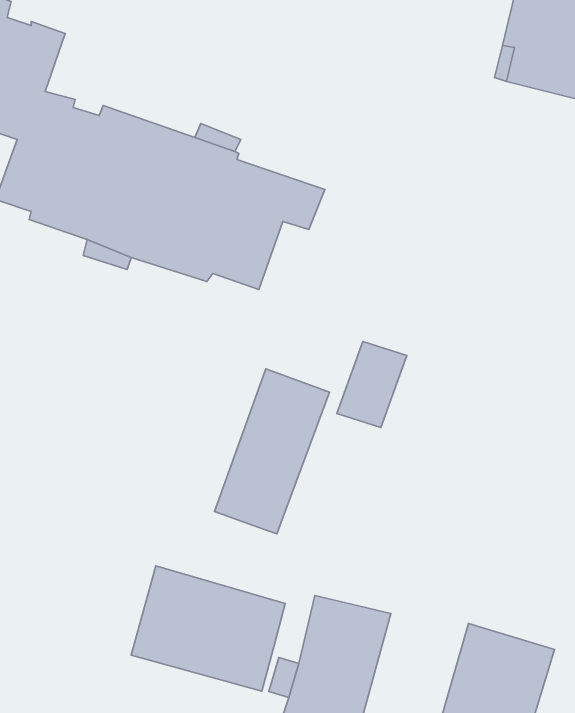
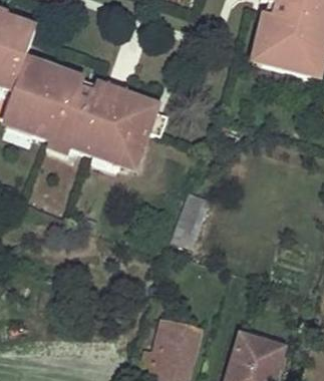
building: [214,369,330,534] -> none
building: [131,566,285,691] -> none

